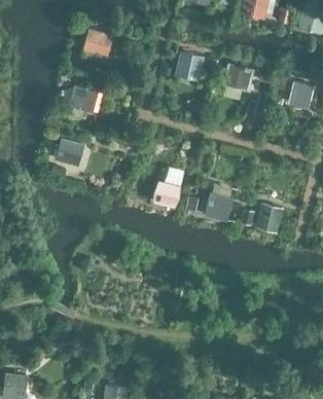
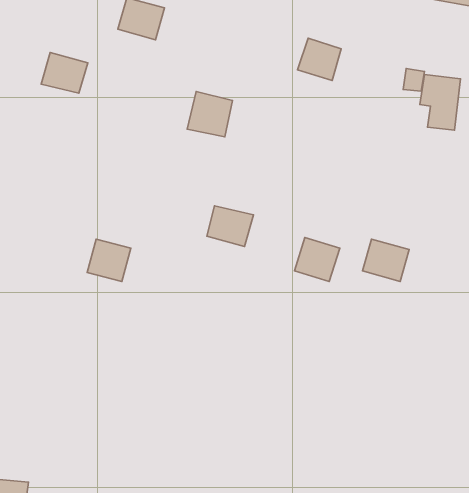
building: [175,52,206,83] -> [187,92,233,137]
building: [65,85,97,113] -> [41,52,88,93]
building: [52,142,82,171] -> [87,239,131,282]

